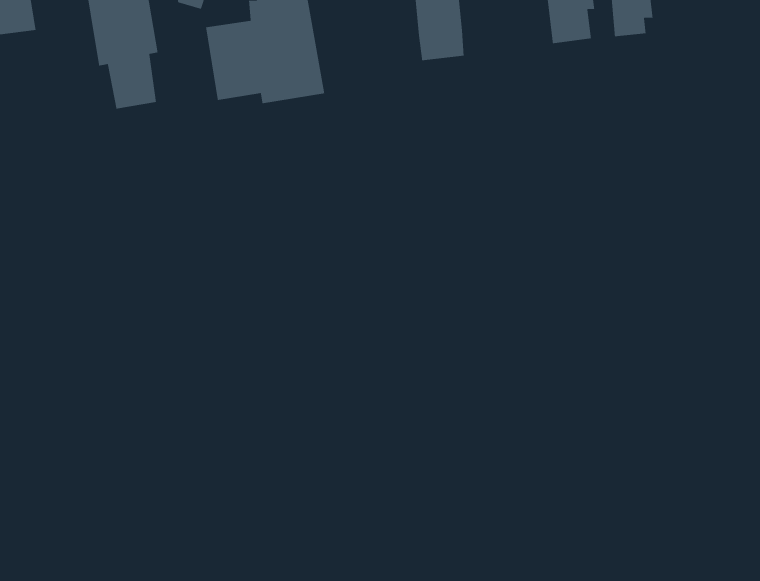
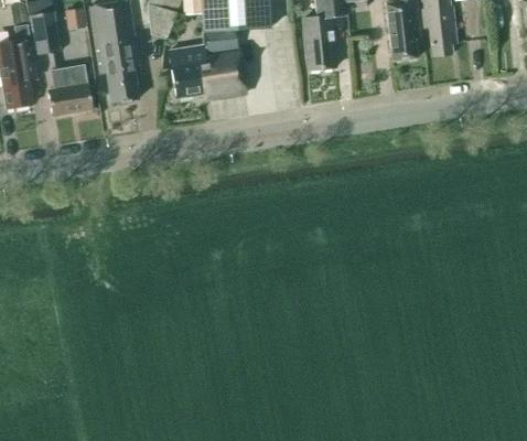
building: none -> [47,63,92,115]

